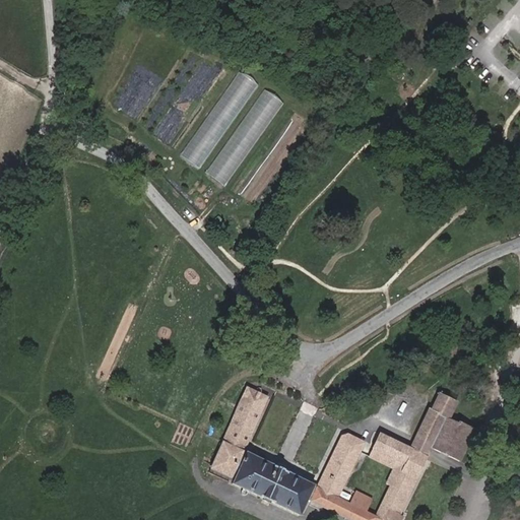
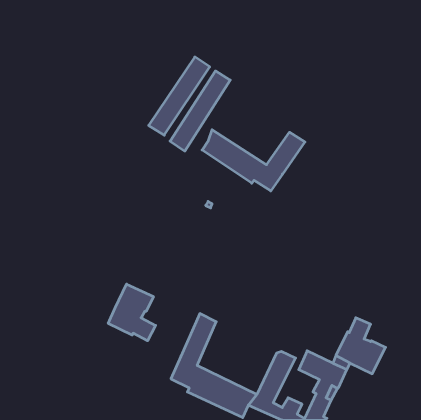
building: none -> [202,130,305,191]
building: none -> [108,284,156,341]

